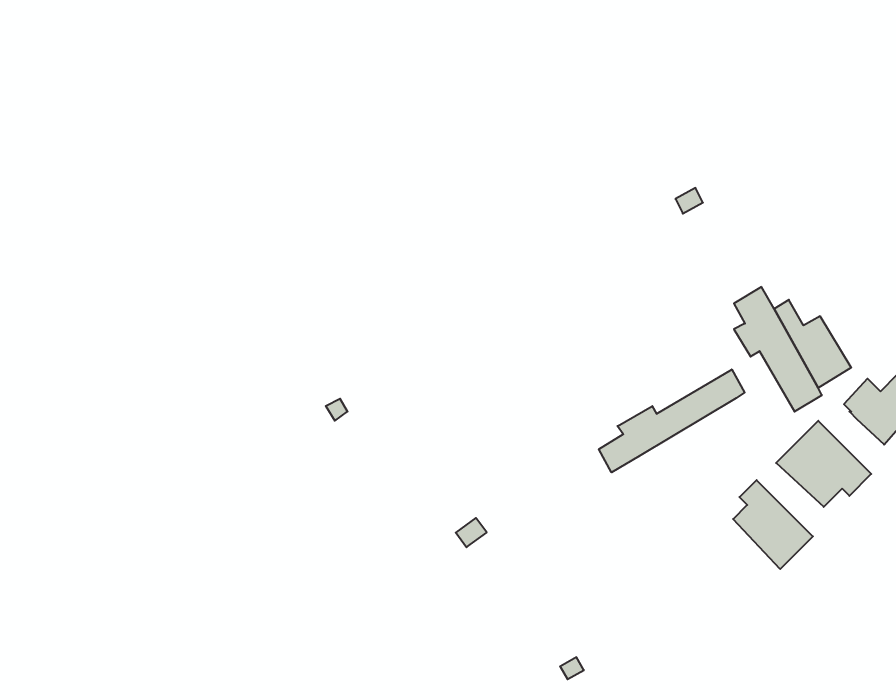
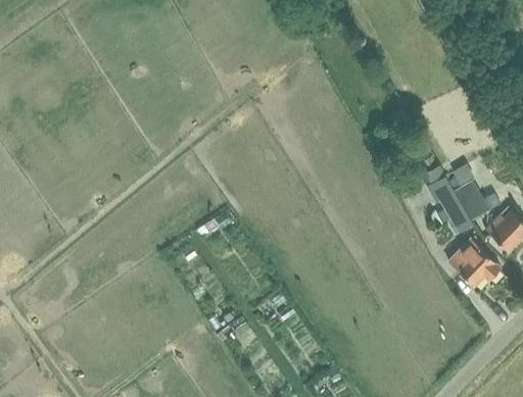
building: [599,369,745,472] -> none
building: [733,480,813,569] -> none

